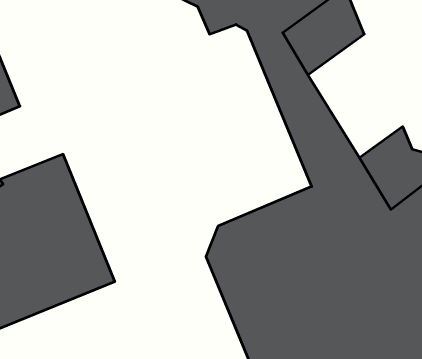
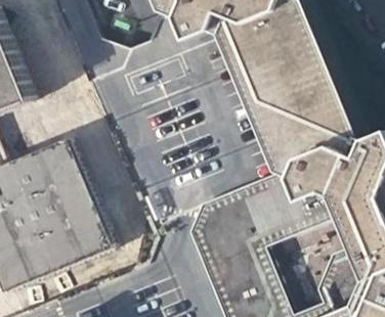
building: none -> [272,38,353,143]

